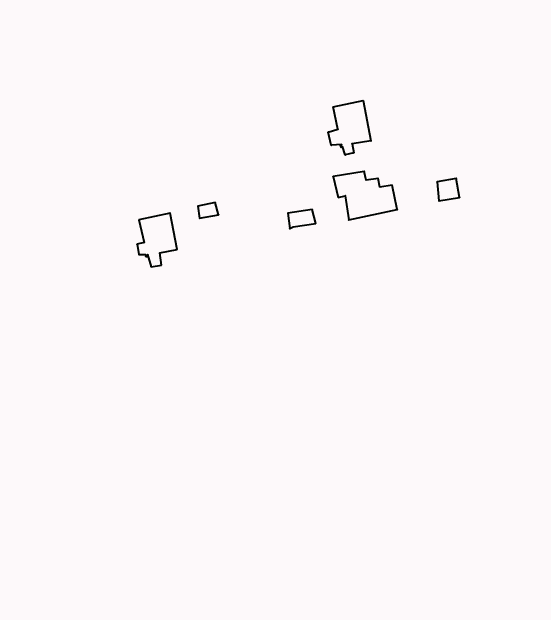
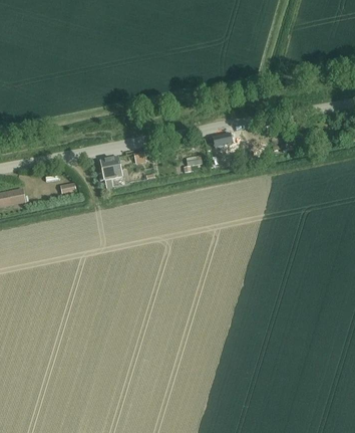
building: [328,101,371,155] -> none

